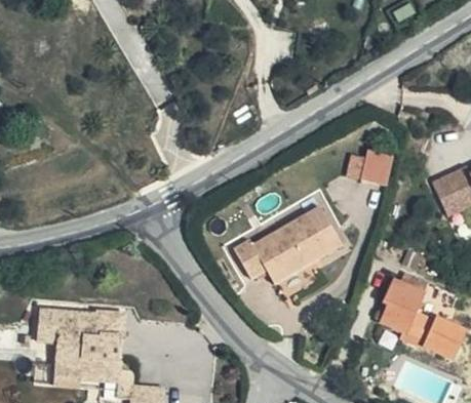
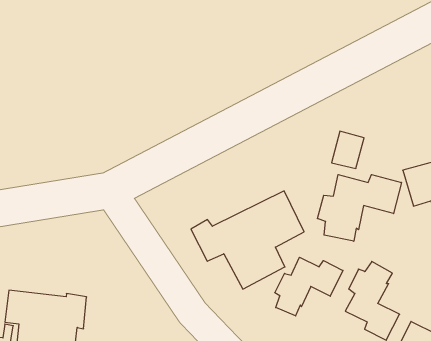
building: none -> [317,175,401,241]
building: none -> [275,257,343,316]

